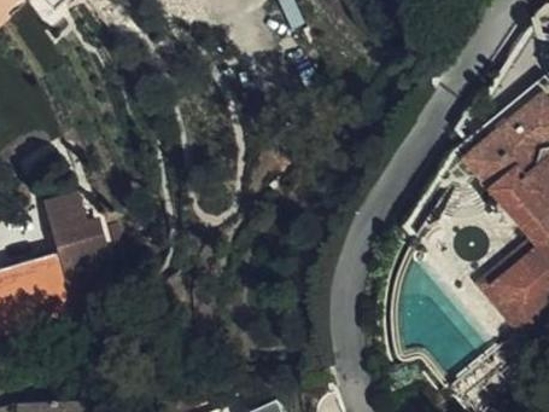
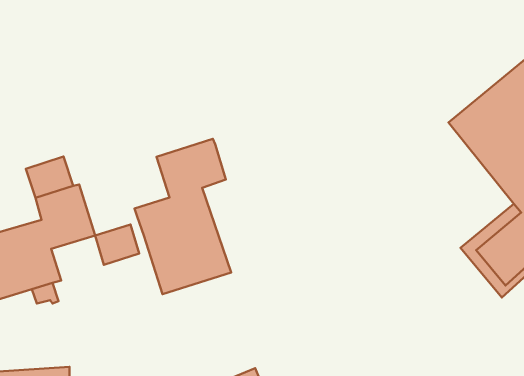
building: none -> [135,139,231,294]
building: none -> [95,224,139,265]

